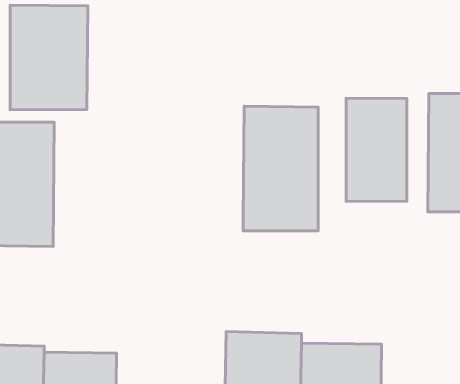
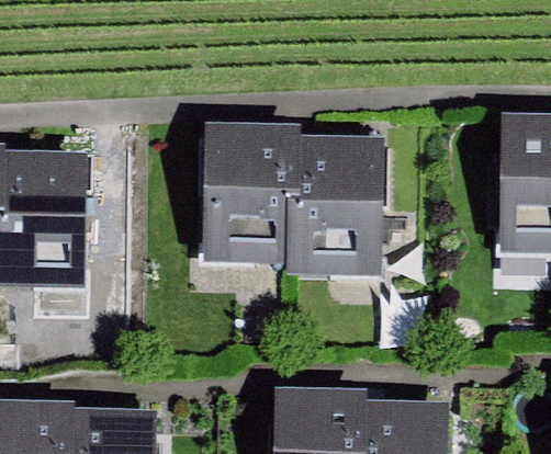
building: [10,5,88,110] -> none
building: [346,98,407,201] -> none
building: none -> [205,128,296,260]

